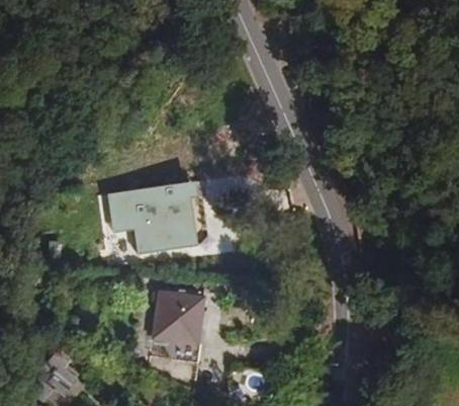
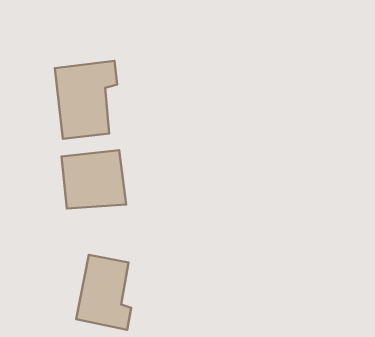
building: none -> [55,61,117,139]

